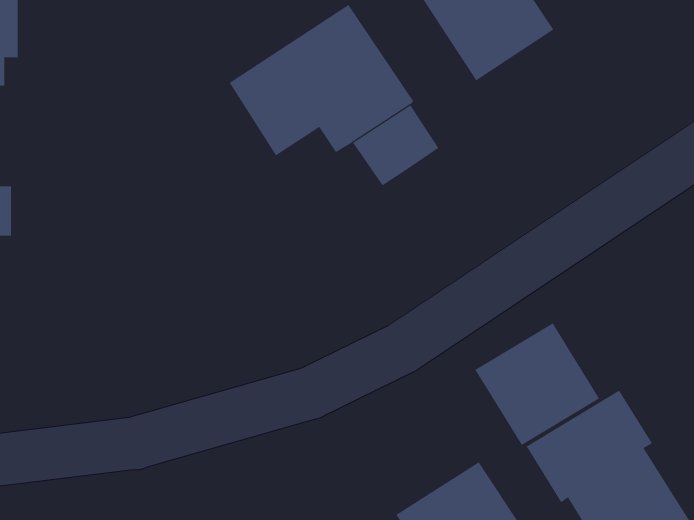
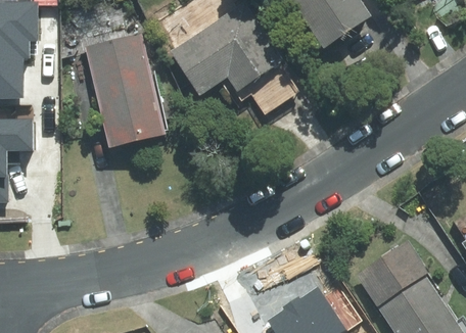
building: none -> [83,35,162,150]
building: [475,322,600,446] -> none

